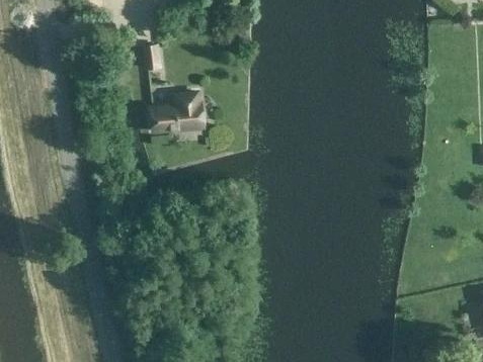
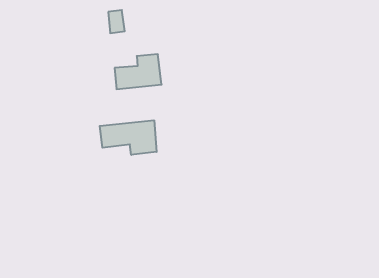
building: none -> [100,120,157,155]

